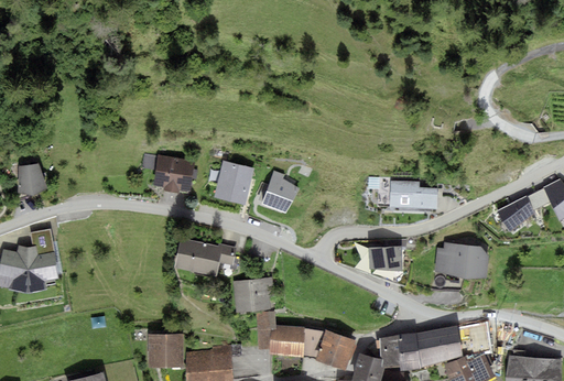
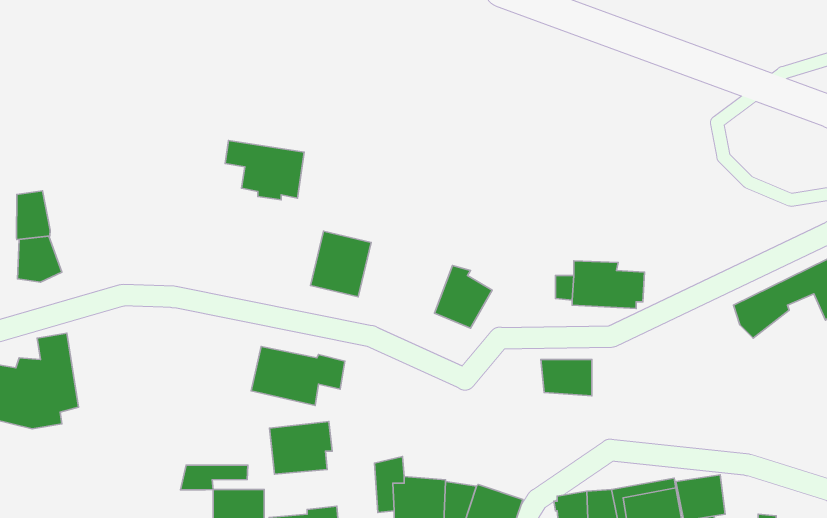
building: none -> [17,191,50,240]
building: [142,153,195,193] -> [225,140,304,200]
building: [261,172,300,214] -> [434,265,492,328]
building: [435,242,489,279] -> none
building: [232,277,274,313] -> [269,422,332,474]
building: none -> [180,465,248,490]

